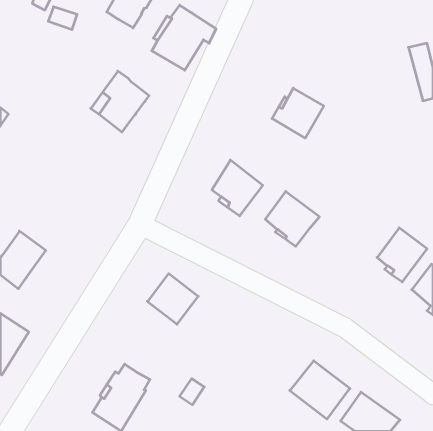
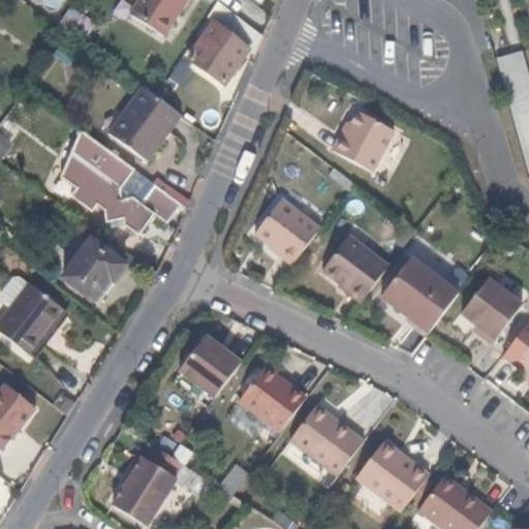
building: none -> [60,129,180,238]
building: none -> [64,239,126,301]
building: none -> [381,256,458,333]
building: none -> [239,365,306,431]
building: none -> [287,402,363,474]

